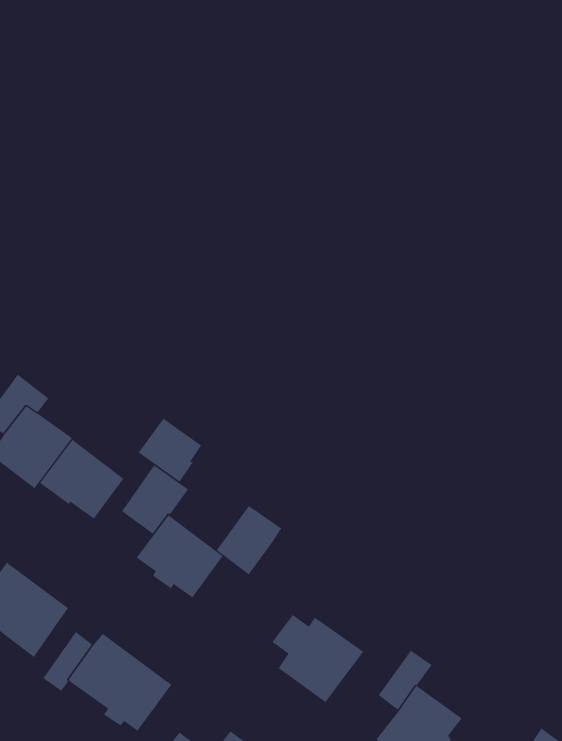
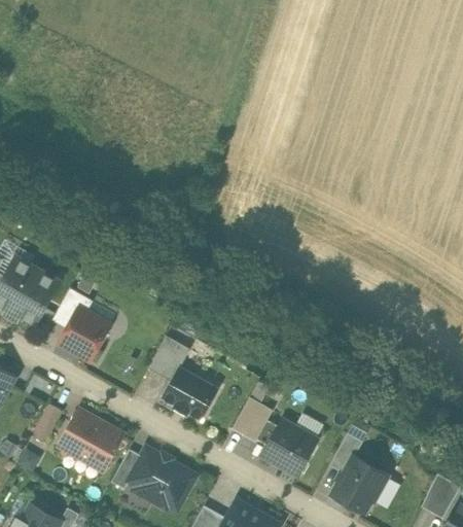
building: [138,418,202,483] -> none
building: [39,439,124,519] -> none
building: [216,505,282,575] -> [232,397,273,443]

